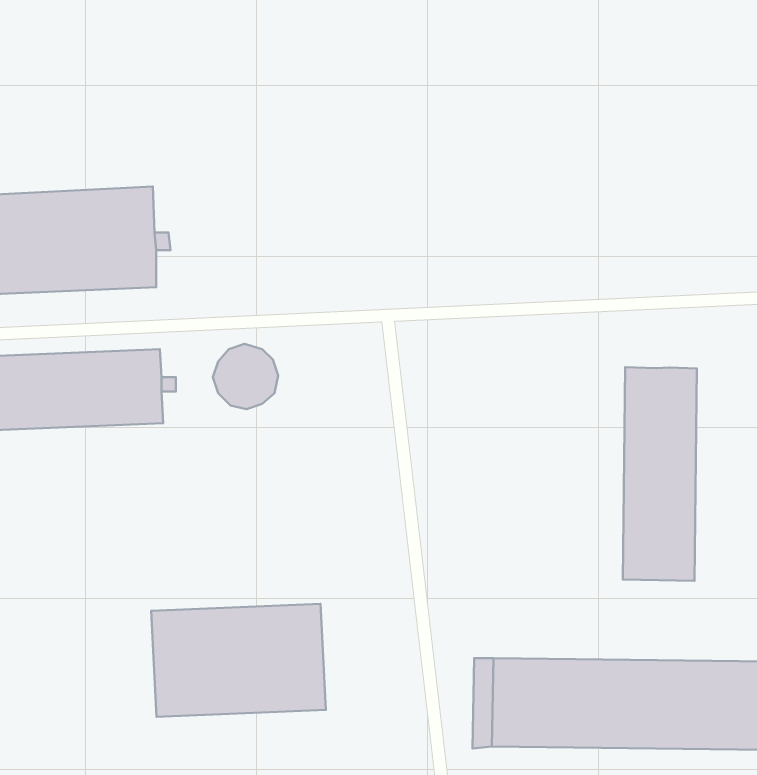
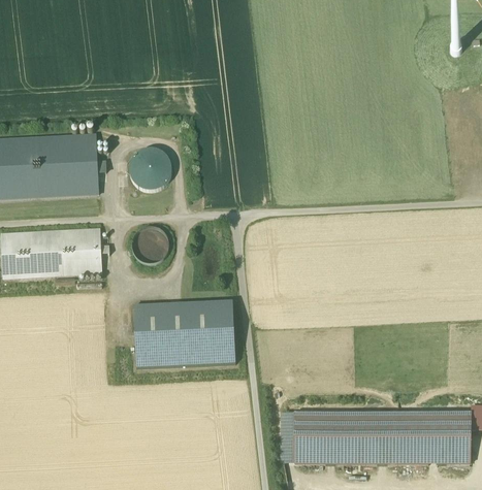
building: none -> [128,148,170,190]
building: [623,367,697,581] -> none
building: [151,604,326,717] -> [132,301,234,367]

